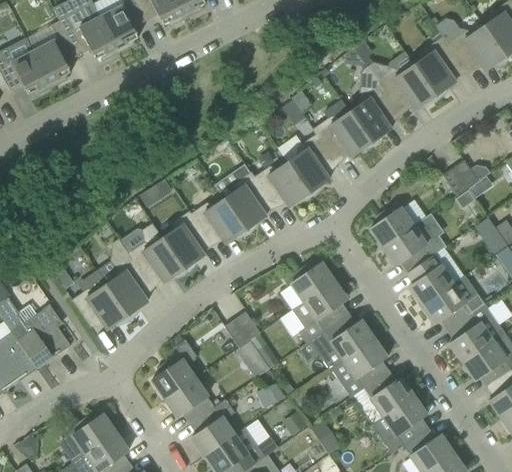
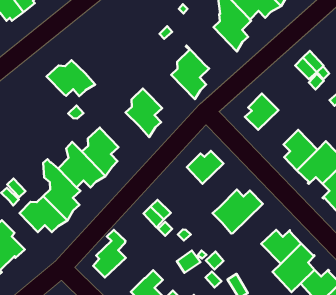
building: [313,111,374,157] -> none
building: [254,161,312,207] -> none
building: [190,198,248,244] -> [47,60,95,96]
building: [384,221,444,270] -> none
building: [292,281,347,343] -> none
building: [331,339,388,397] -> none
building: [164,377,213,420] -> none

